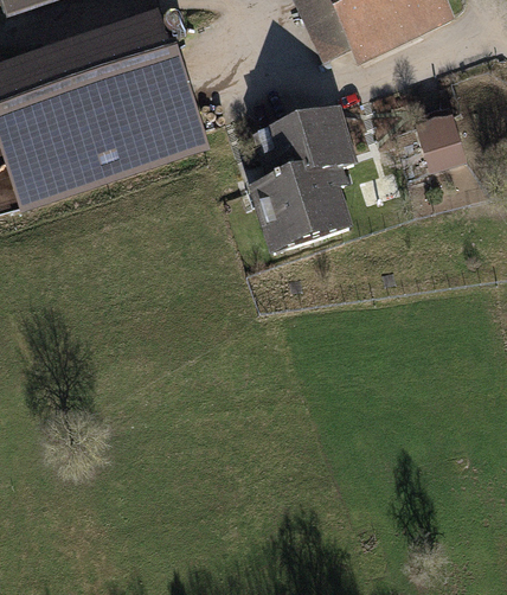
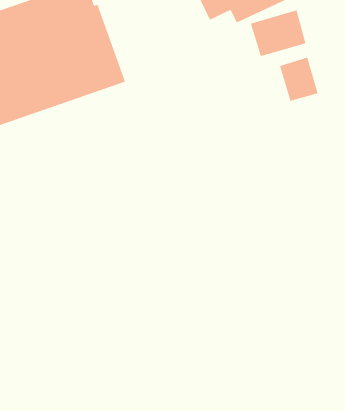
building: none -> [250,9,306,57]
building: [246,104,358,250] -> none

